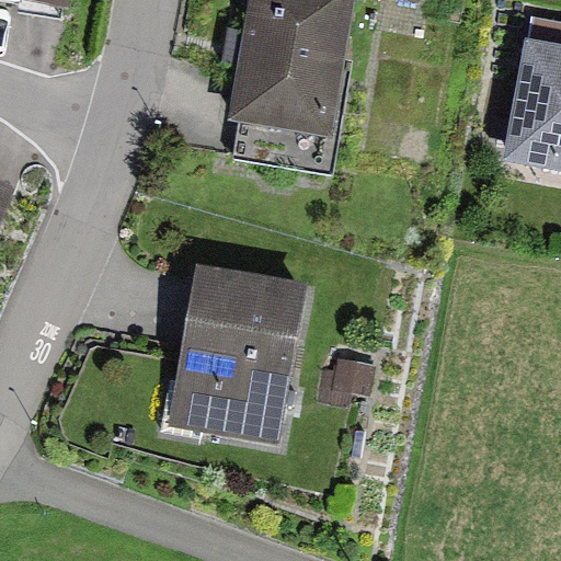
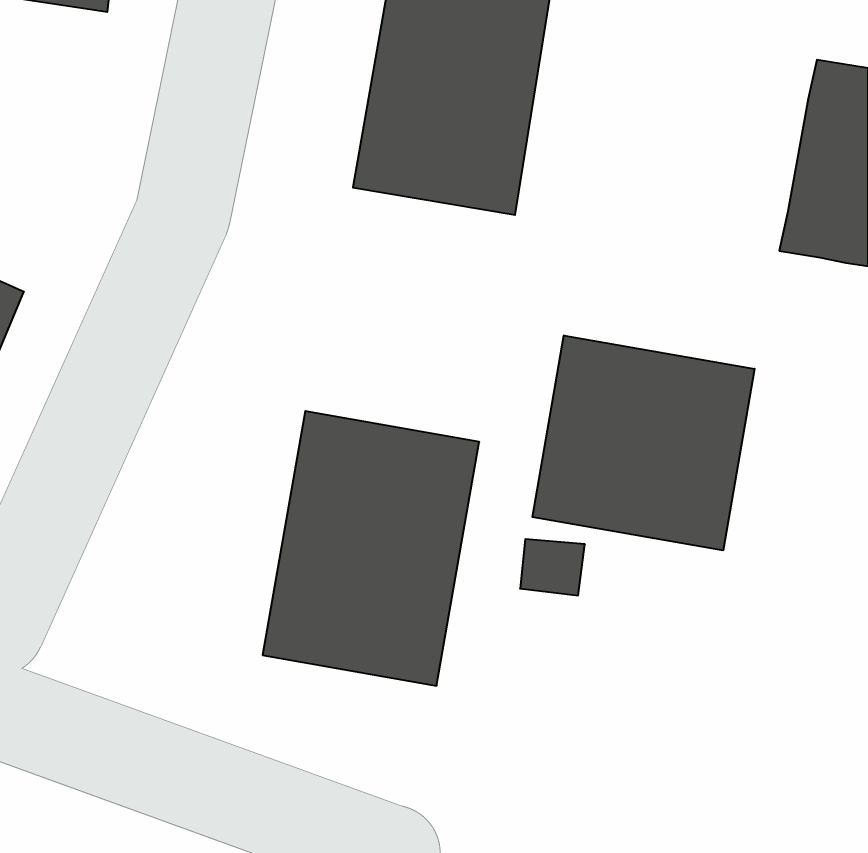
building: none -> [532,335,755,550]

